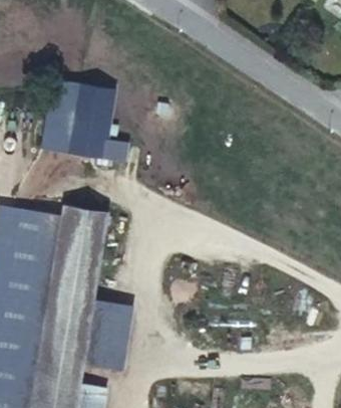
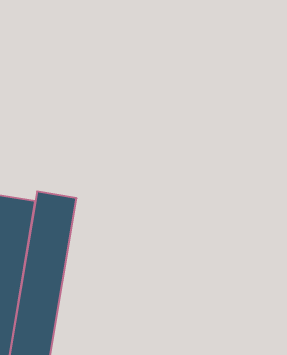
building: [42,78,112,175] -> none
building: [78,300,123,366] -> none

